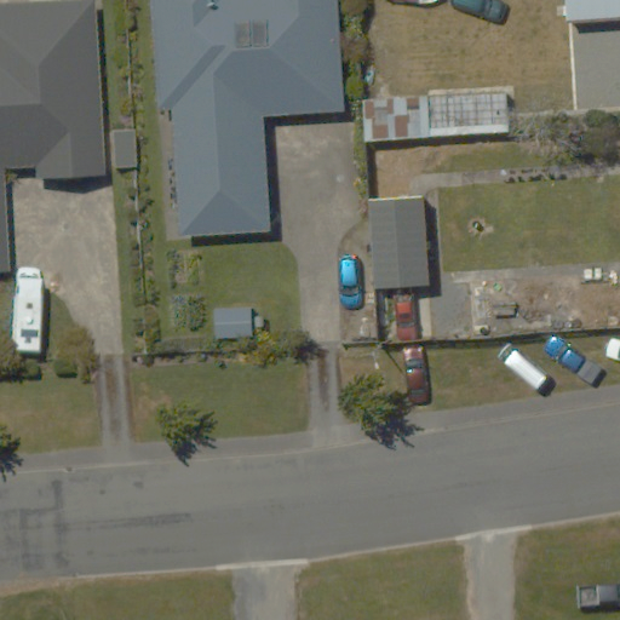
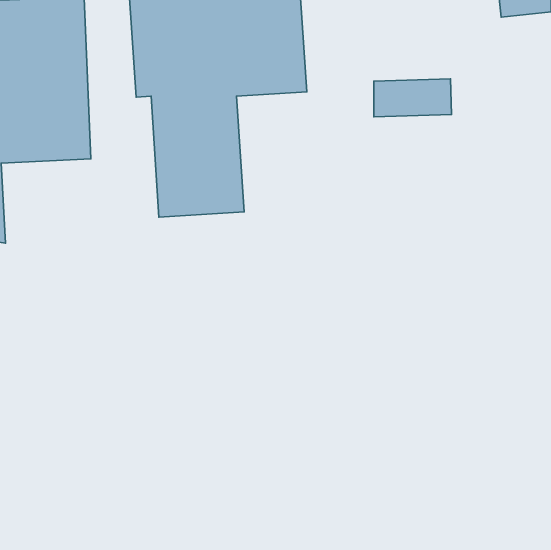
building: [372,195,431,281] -> none

